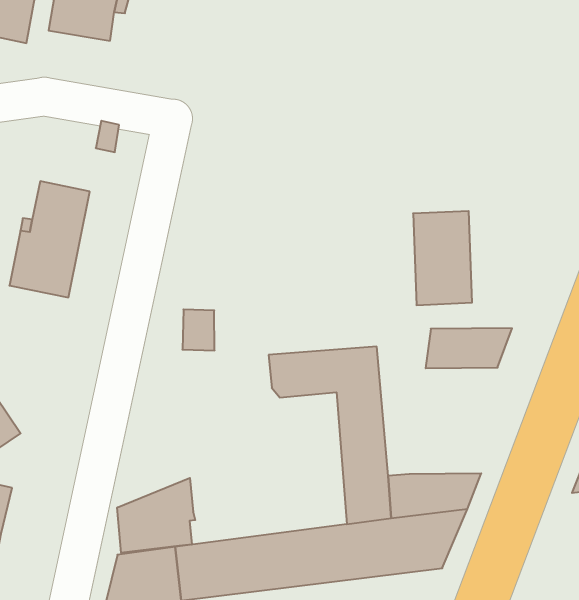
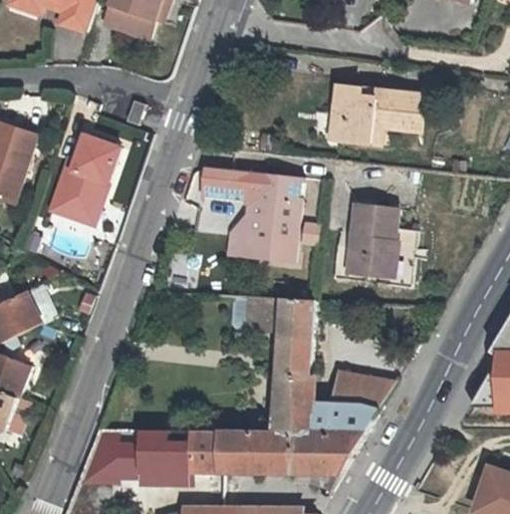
building: none -> [336,87,425,143]
building: none -> [205,167,305,264]
building: [426,328,512,368] -> [327,370,397,407]
building: [117,478,195,553] -> none

